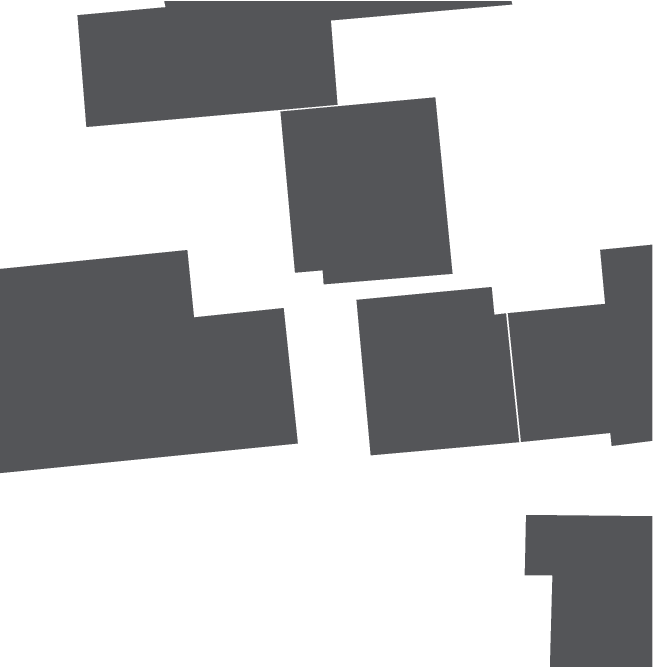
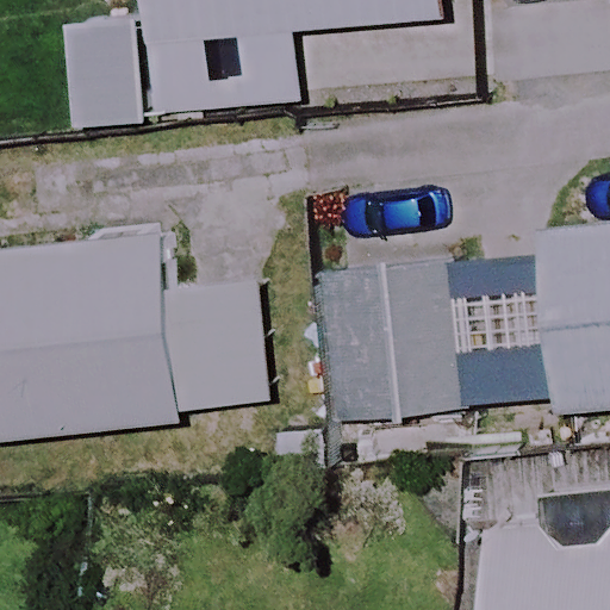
building: [280,96,453,285] -> none

